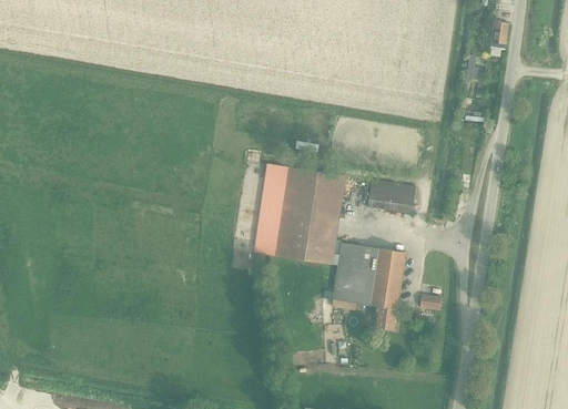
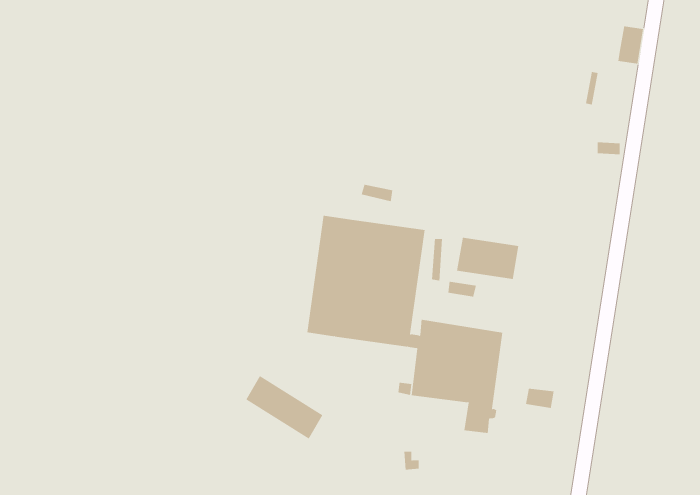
building: none -> [245,375,323,439]

